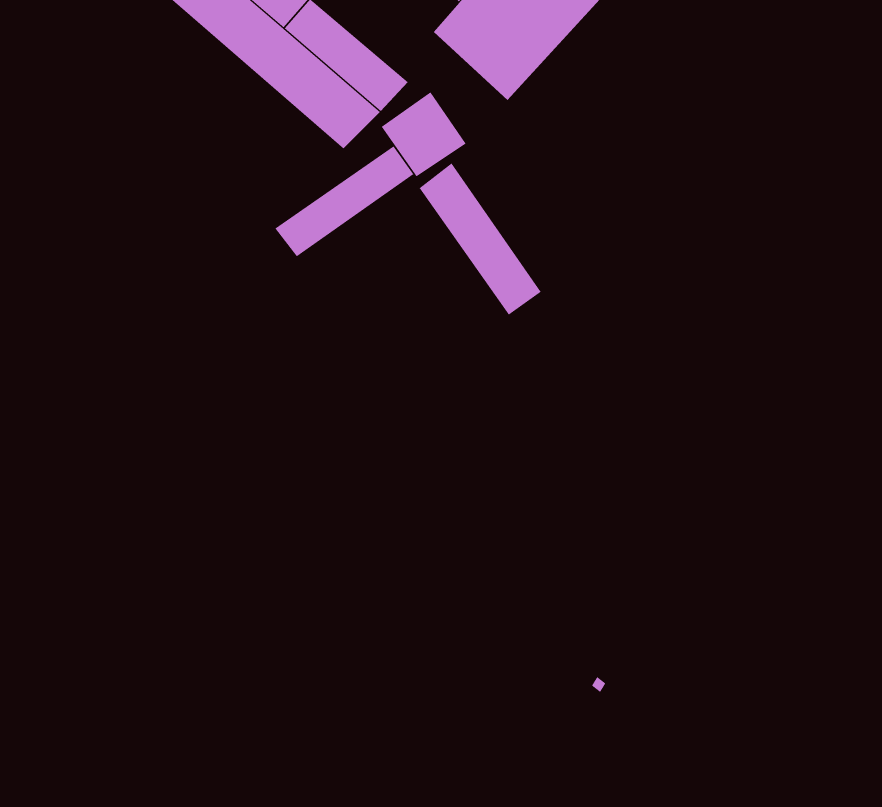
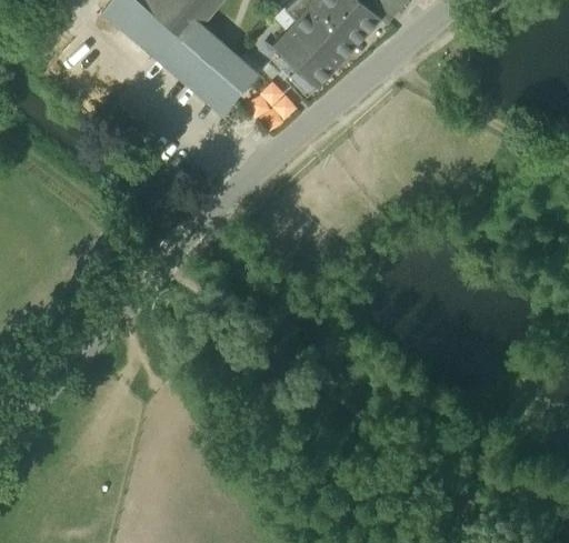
building: [274,146,414,257] -> none
building: [419,162,542,316] -> none

